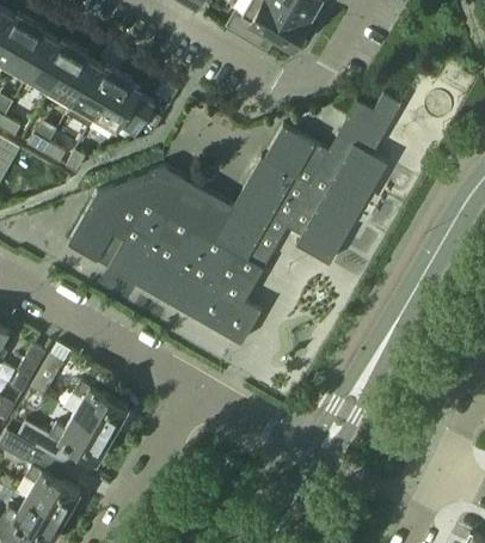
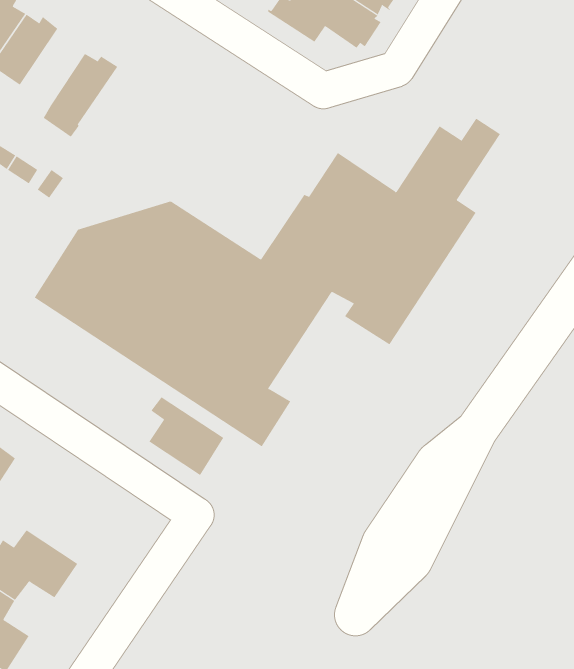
building: [49,48,94,104] -> none
building: [93,73,153,136] -> none
building: [73,382,128,438] -> [149,396,224,476]

